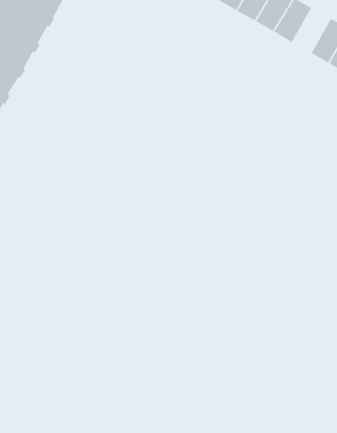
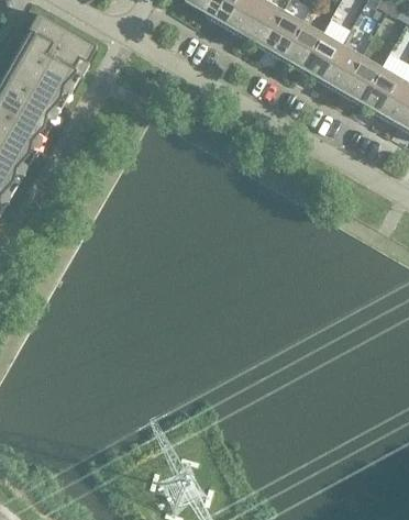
building: none -> [341,54,382,102]

